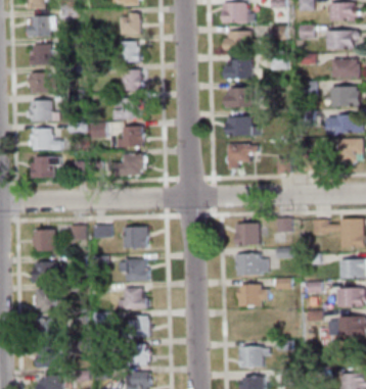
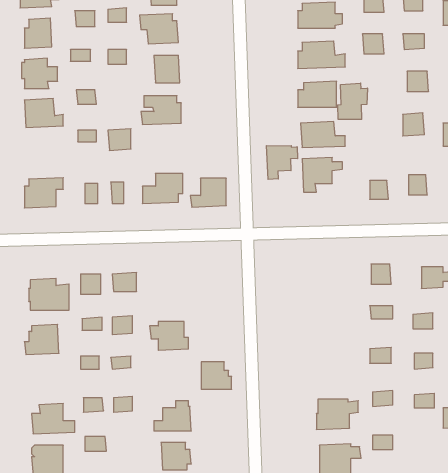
building: none -> [338,83,367,119]
building: [117,127,142,147] -> [190,178,226,207]
building: [30,129,60,150] -> none
building: none -> [267,146,298,179]
building: [236,224,259,245] -> none
building: [124,228,147,248] -> none
building: [236,254,268,276] -> none
building: [238,285,268,306] -> none
building: [125,288,146,307] -> [201,362,232,389]
building: [34,289,64,310] -> none

